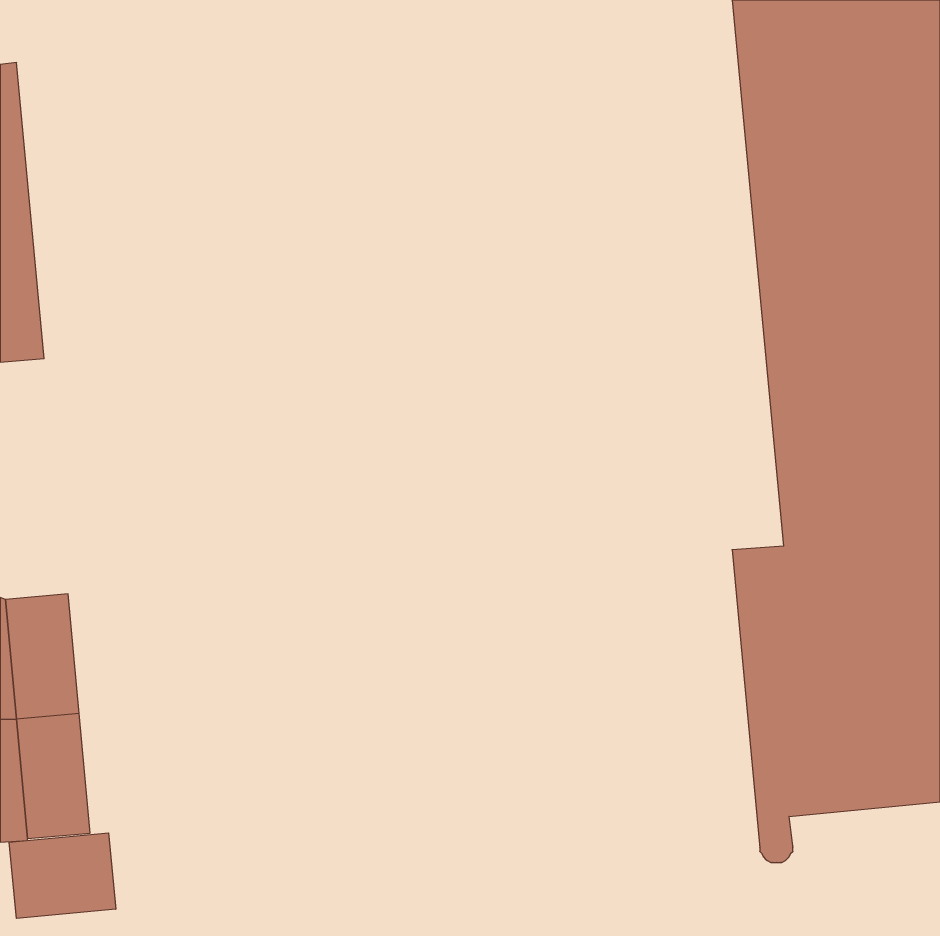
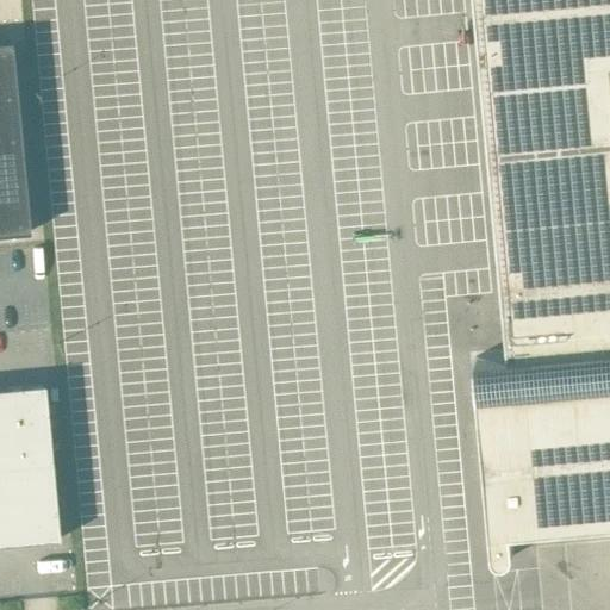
building: [9,833,116,918] -> none

